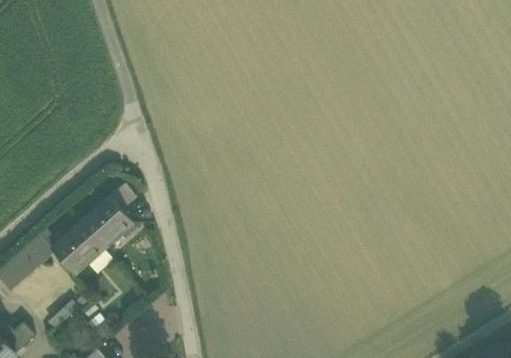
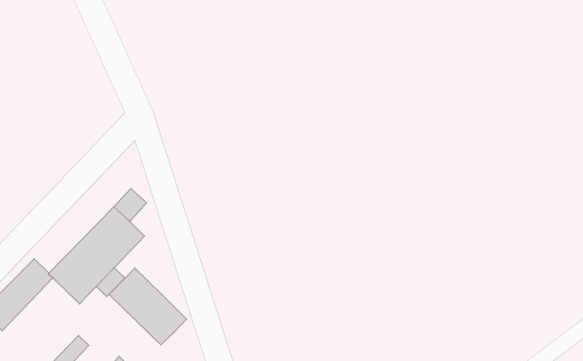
building: none -> [109,268,186,345]

